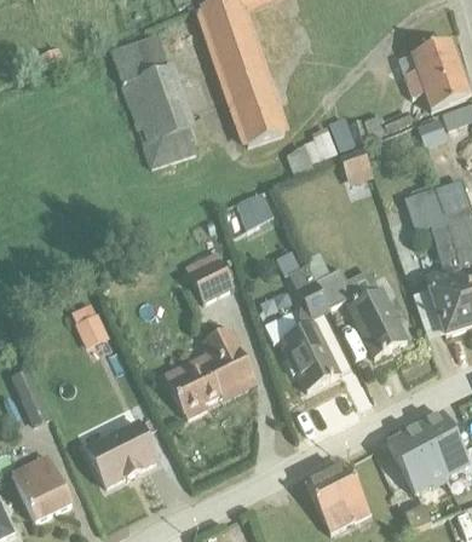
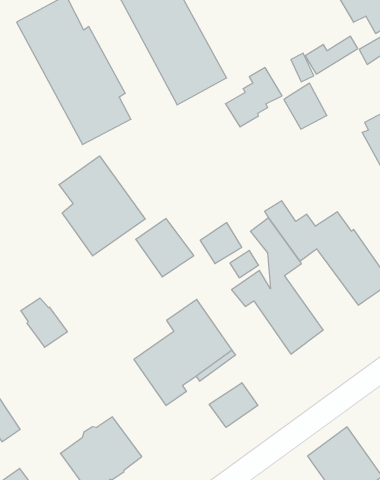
building: none -> [59,156,145,256]
building: [236,195,272,230] -> [200,223,242,264]
building: none -> [209,383,258,427]

